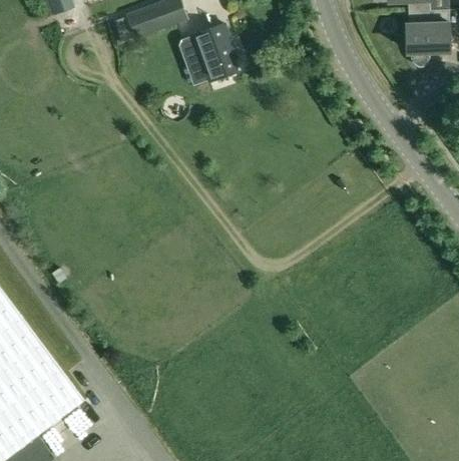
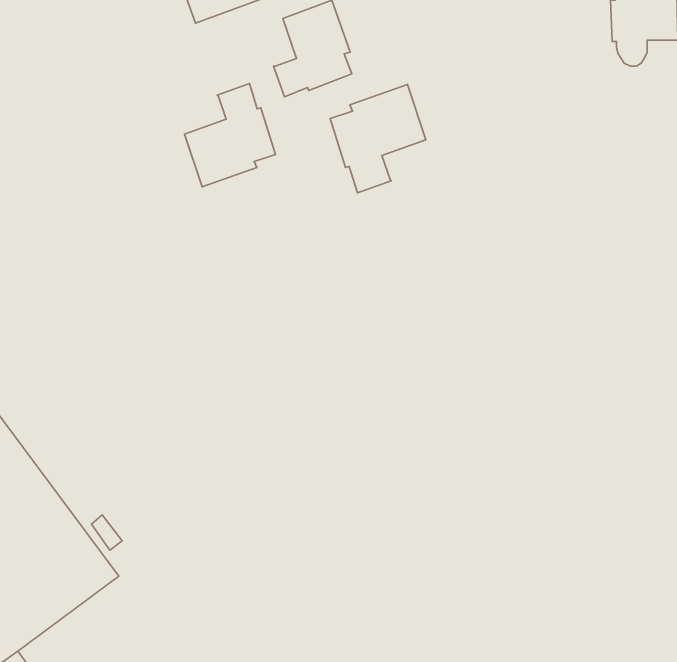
building: none -> [185,84,275,187]
building: none -> [330,84,426,193]

